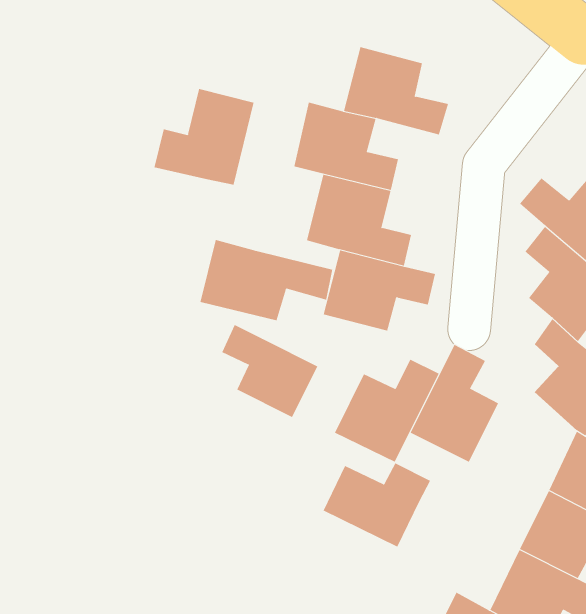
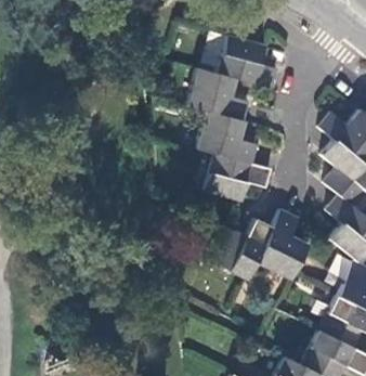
building: [154,88,254,185] -> none
building: [200,239,333,321] -> none
building: [221,324,318,418] -> none
building: [323,462,431,548] -> none

